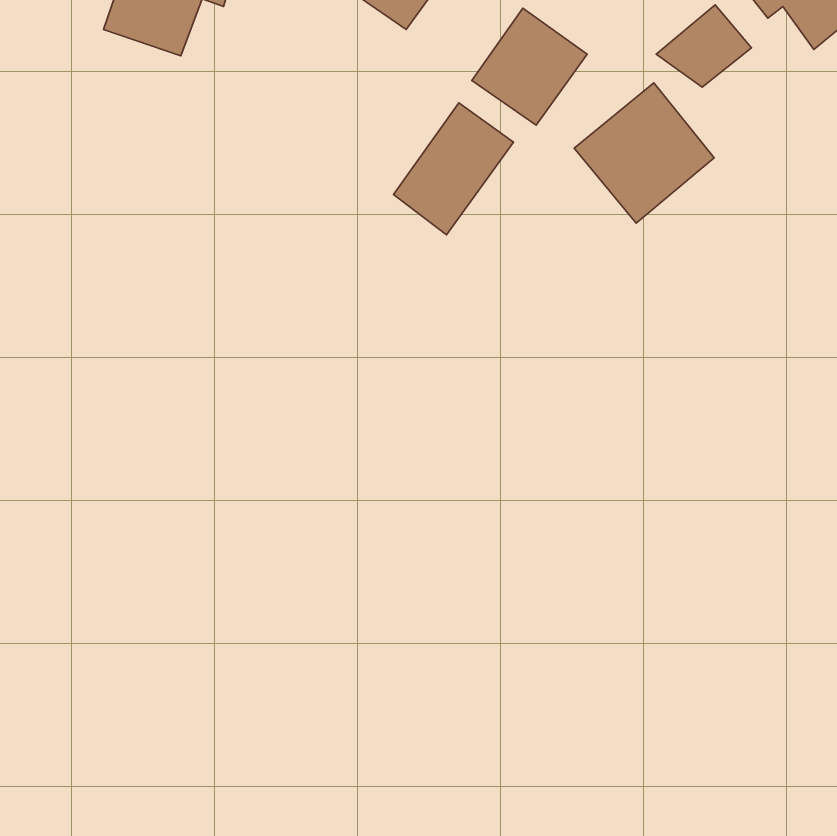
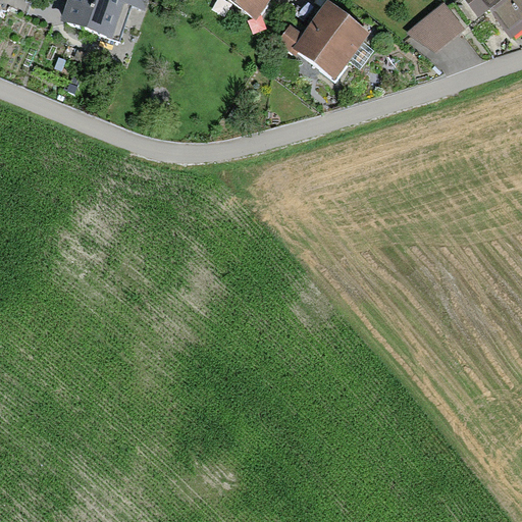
building: [574,83,714,223] -> none
building: [393,103,514,235] -> none

